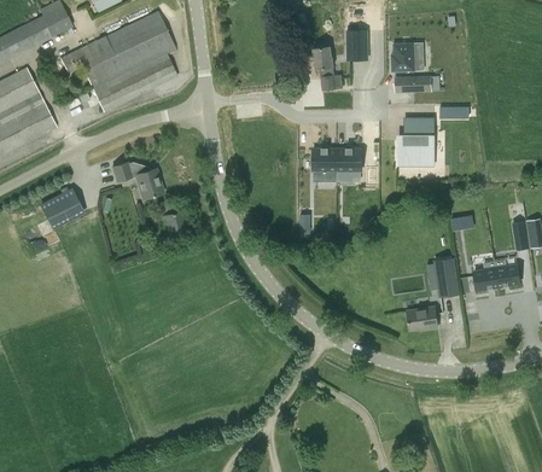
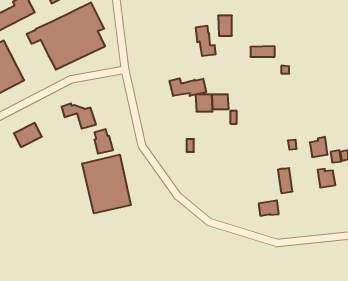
building: [391,43,414,71] -> none
building: [398,118,433,165] -> none
building: none -> [170,78,206,96]
building: none -> [82,155,131,213]
building: [472,261,499,291] -> [310,137,328,157]

